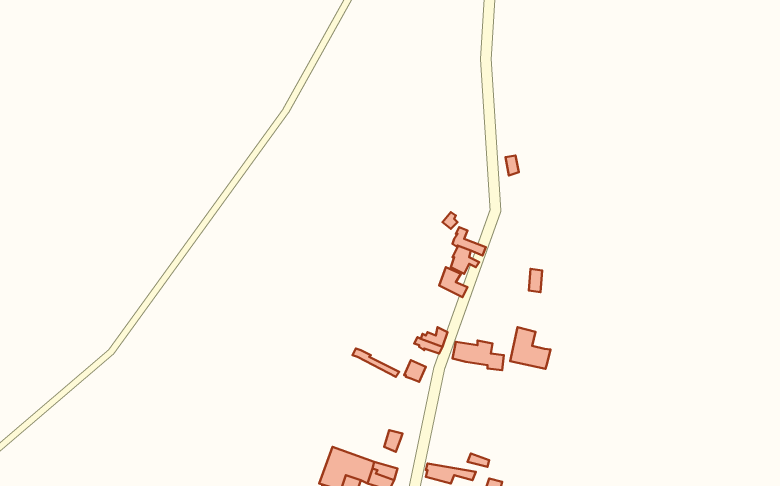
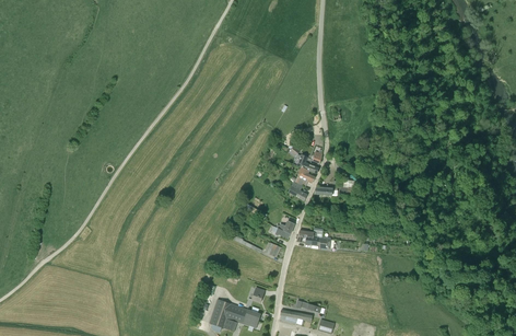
building: [510,327,551,369] -> none

